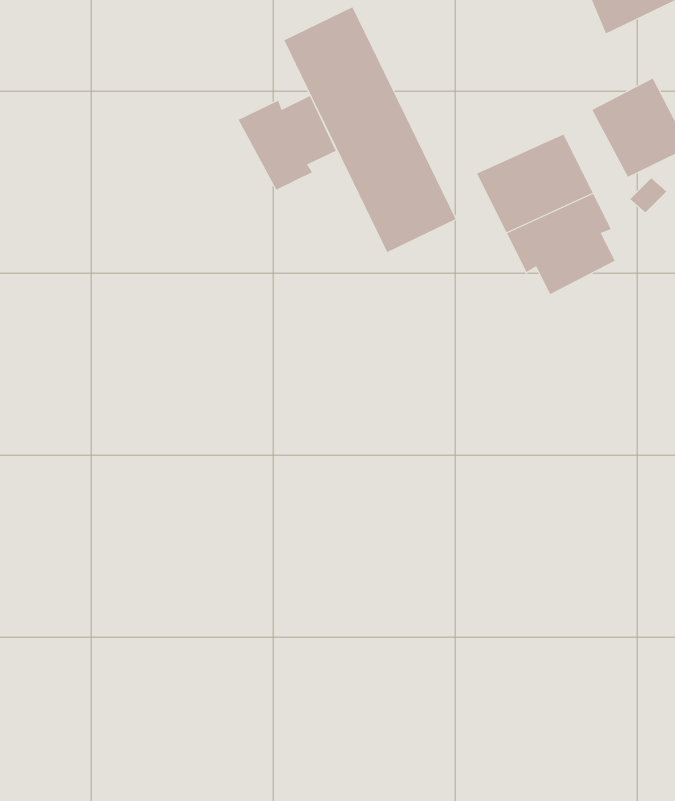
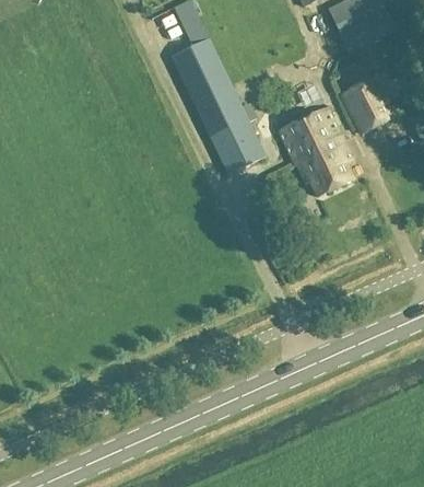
building: [238,95,336,190] -> none

